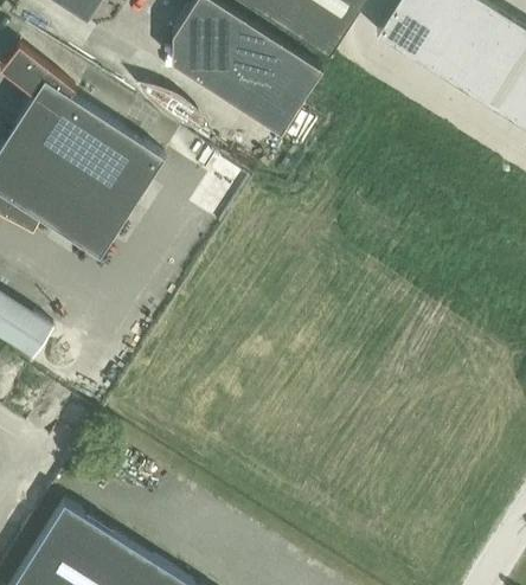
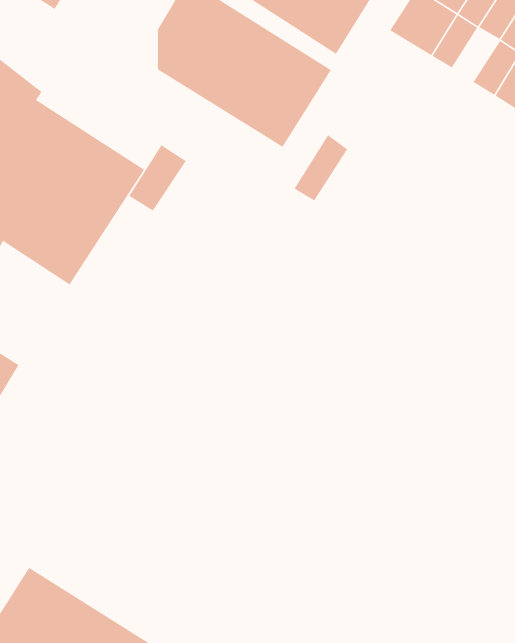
building: [430,33,472,81] -> none
building: none -> [293,134,348,201]
building: none -> [128,144,187,212]

